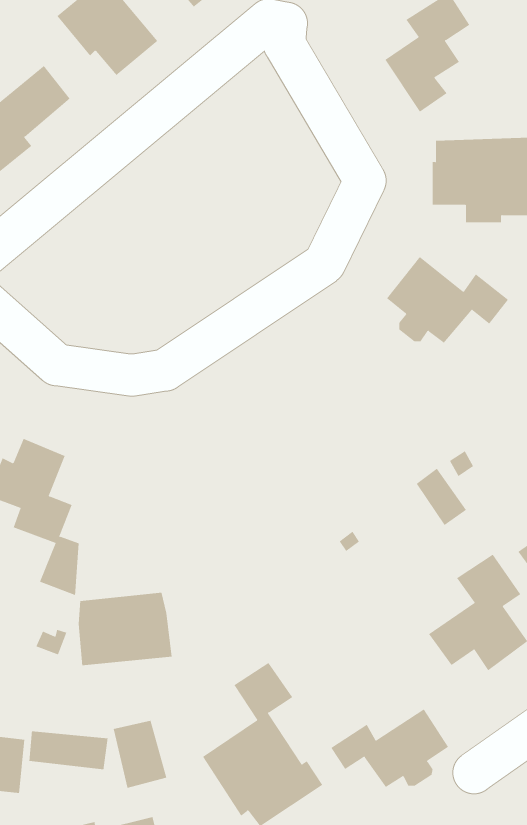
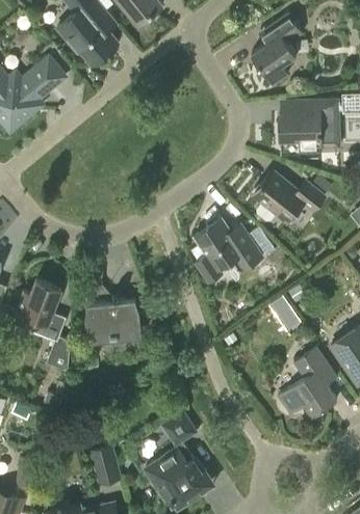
building: none -> [194,218,262,282]
building: [78,592,173,666] -> [85,299,142,343]
building: [331,709,449,788] -> none
building: [29,731,108,770] -> none

